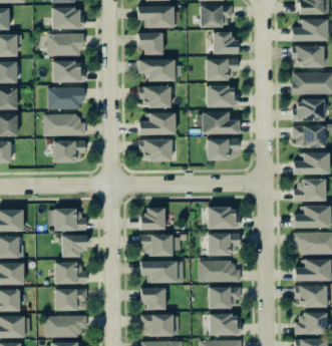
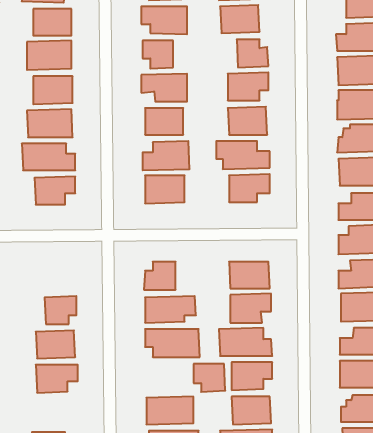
building: [48,209,84,231] -> none
building: [140,288,165,310] -> [194,364,225,392]
building: [45,315,87,337] -> none

